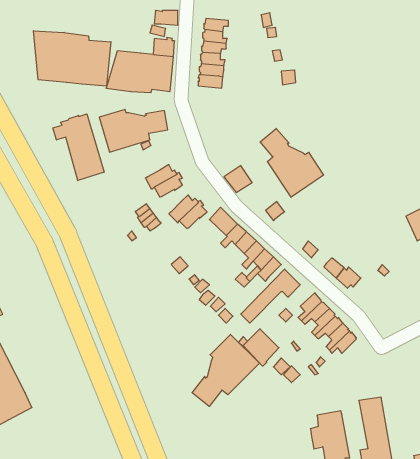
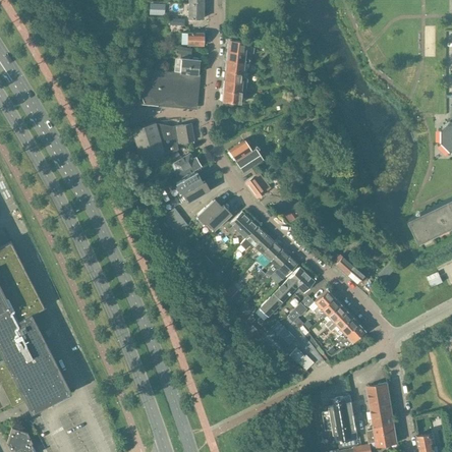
building: [34,31,111,86] -> none
building: [53,114,104,181] -> none
building: [260,128,324,197] -> none
building: none -> [228,140,261,173]
building: none -> [171,154,200,178]
building: [192,334,260,406] -> none

